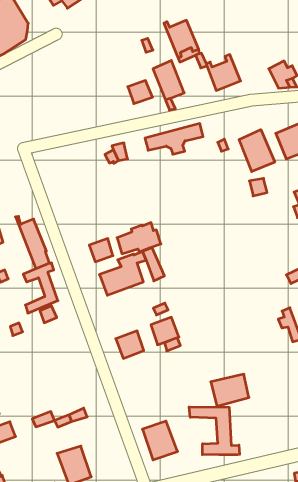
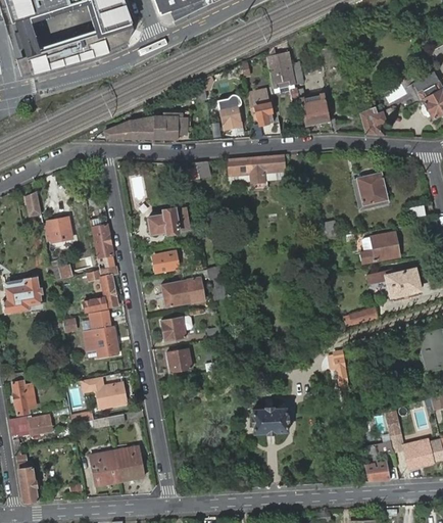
building: none -> [105,115,178,138]
building: [239,130,275,172] -> none
building: [117,223,161,254] -> [149,207,191,234]
building: [151,317,179,345] -> [161,316,187,340]
building: none -> [83,326,119,356]
building: none -> [83,376,126,407]
building: [189,407,240,455] -> none
building: [142,421,178,460] -> [114,445,145,481]

